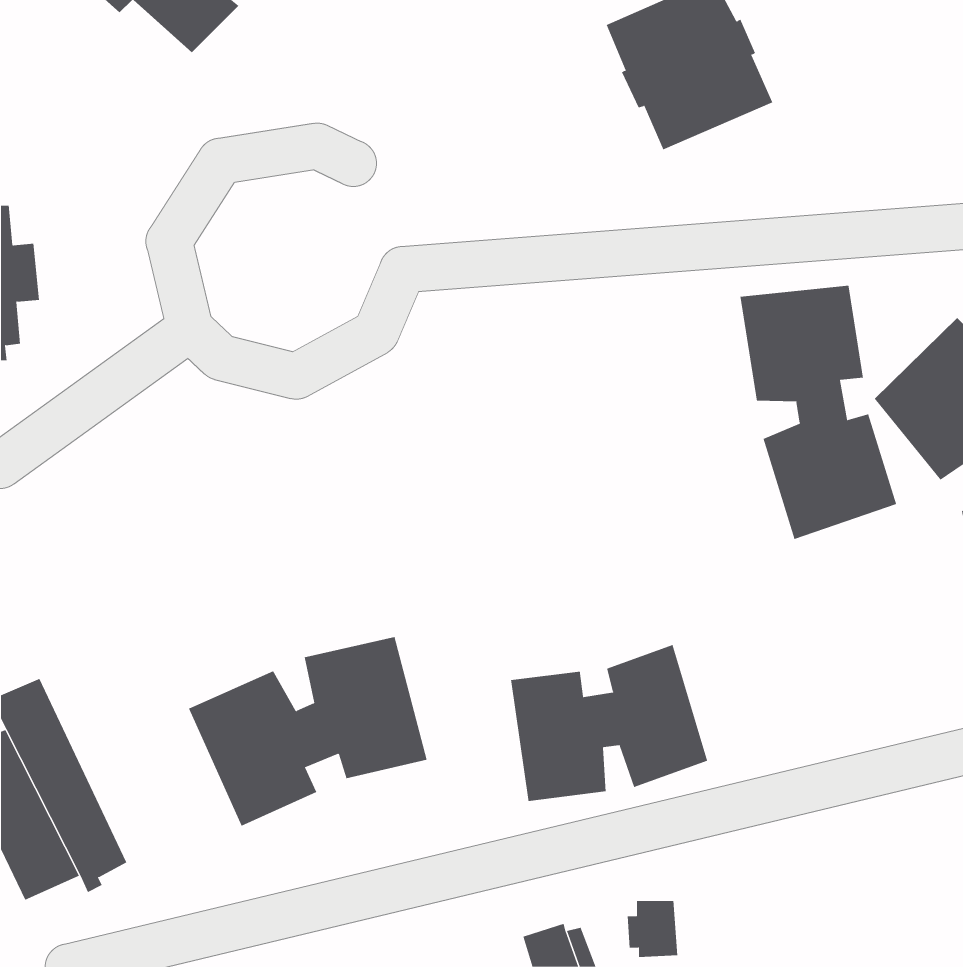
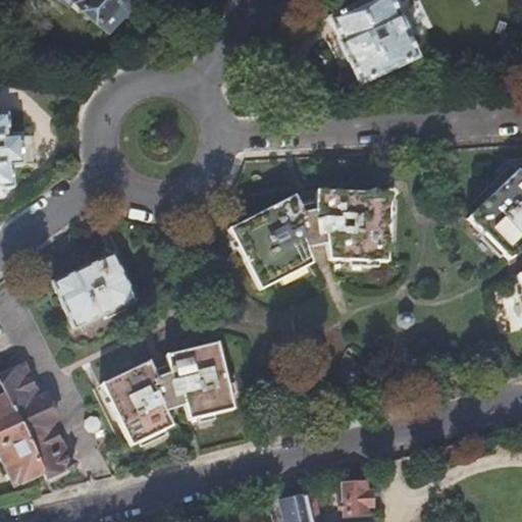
building: [740,285,897,540] -> none
building: none -> [228,188,388,290]
building: none -> [55,255,136,327]
building: [510,644,708,802] -> none

